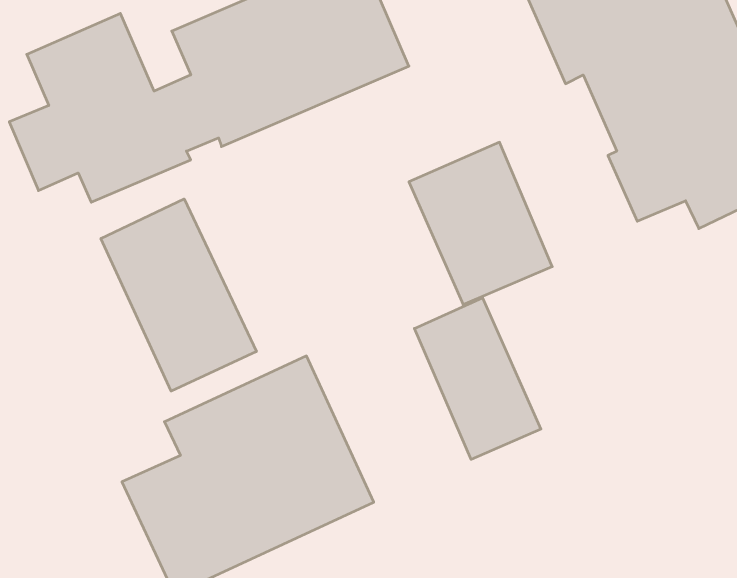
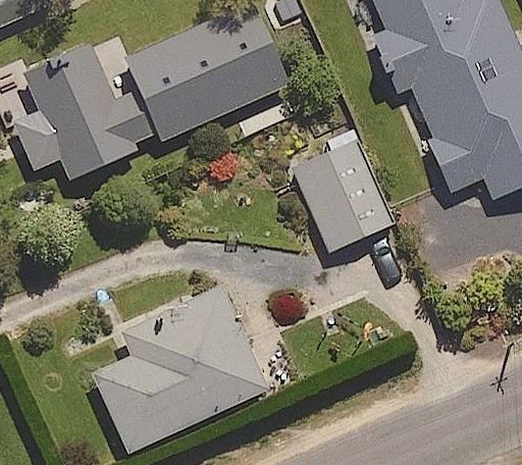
building: [101,199,256,391] -> none
building: [414,298,541,459] -> none

